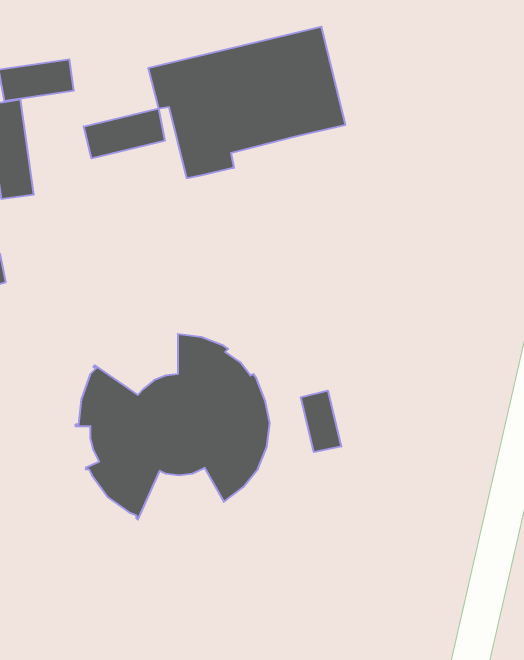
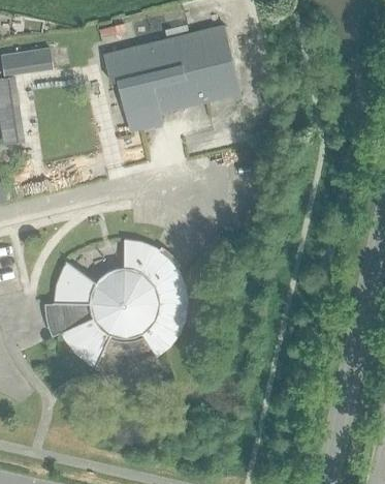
building: [84,108,165,158] -> none
building: [301,391,341,452] -> none

